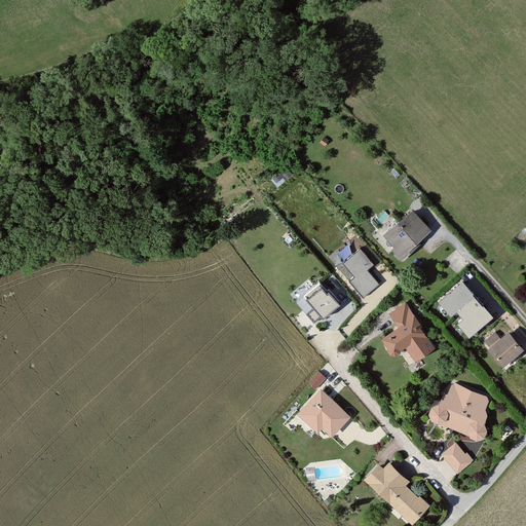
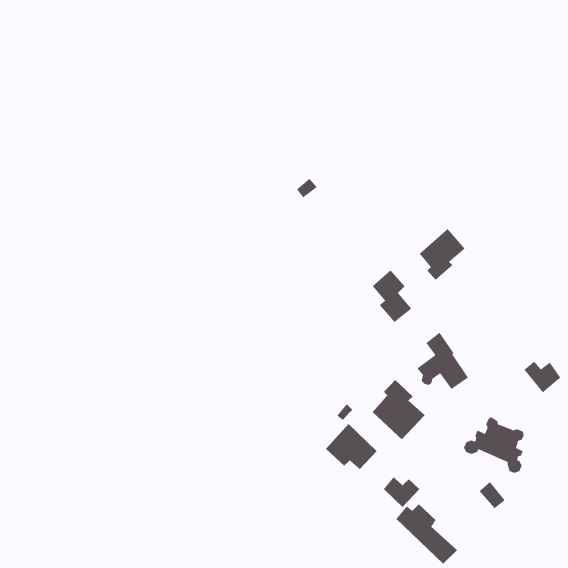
building: [441,283,490,334] -> none
building: [302,284,337,325] -> none
building: none -> [372,379,425,440]
building: none -> [383,476,420,508]

